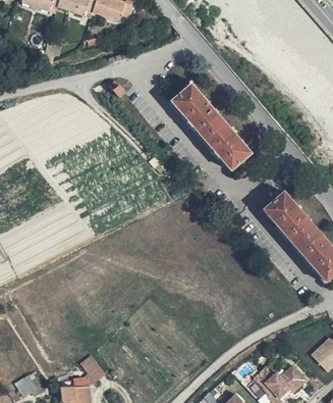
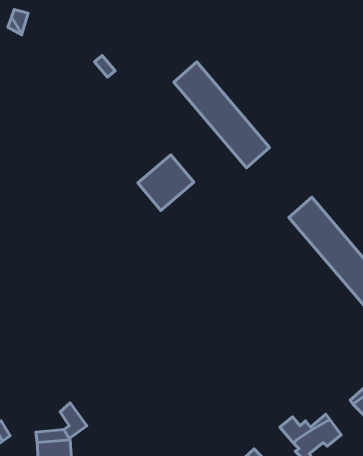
building: none -> [138,155,194,210]

